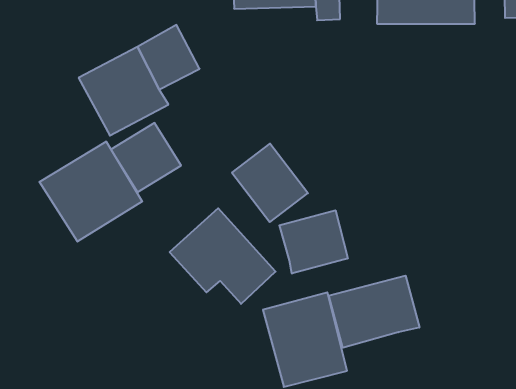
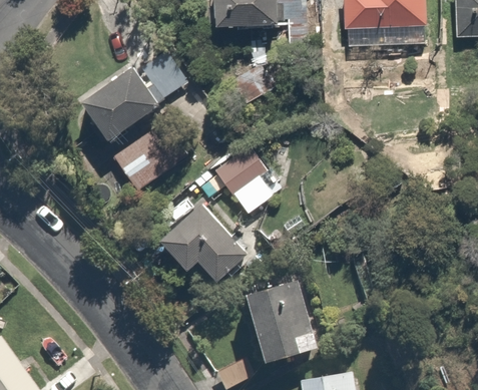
building: [39,141,142,242] -> none
building: [279,210,348,274] -> none
building: [329,276,419,348] -> none

